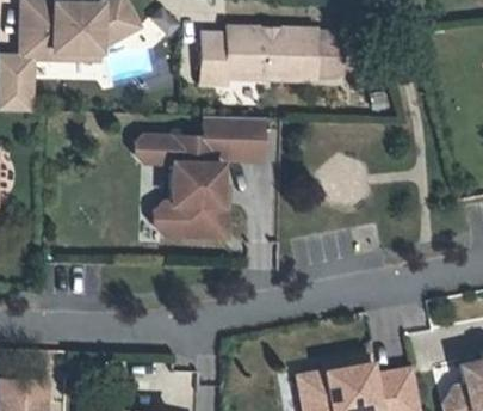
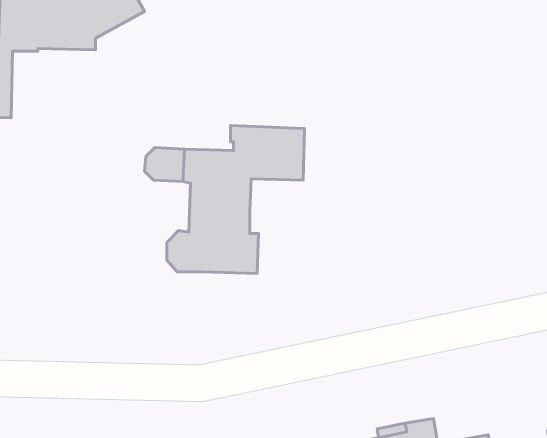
building: [202,27,343,84] -> none

